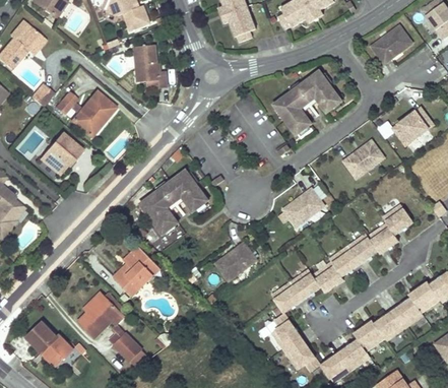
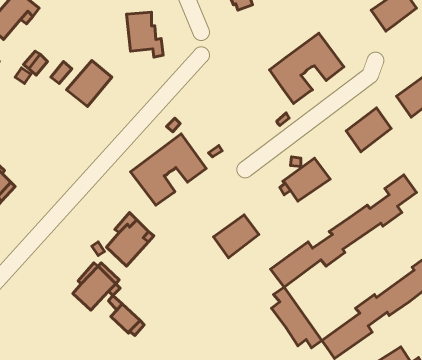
building: [41,135,82,176] -> none
building: [27,321,74,362] -> none

